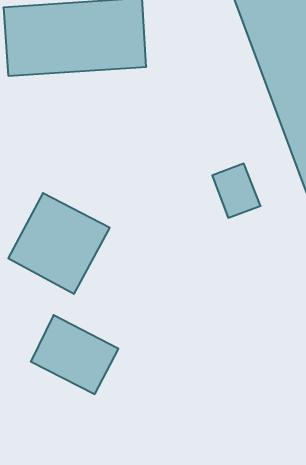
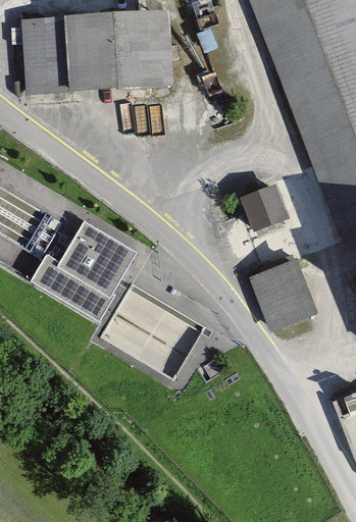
building: none -> [256,257,321,331]
building: [31,315,118,394] -> [104,294,195,375]

